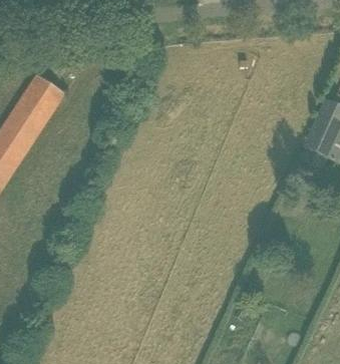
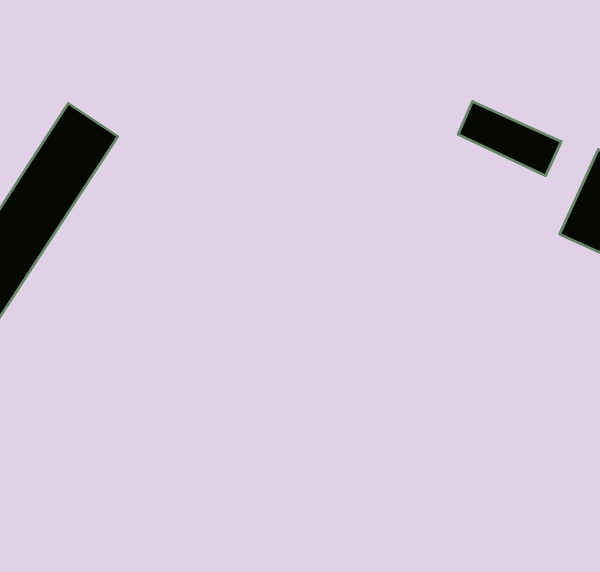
building: none -> [458,101,561,176]

